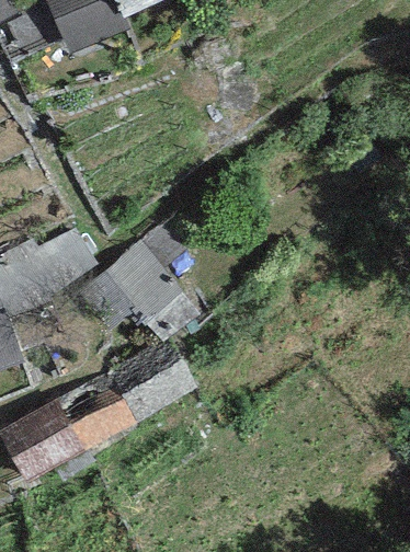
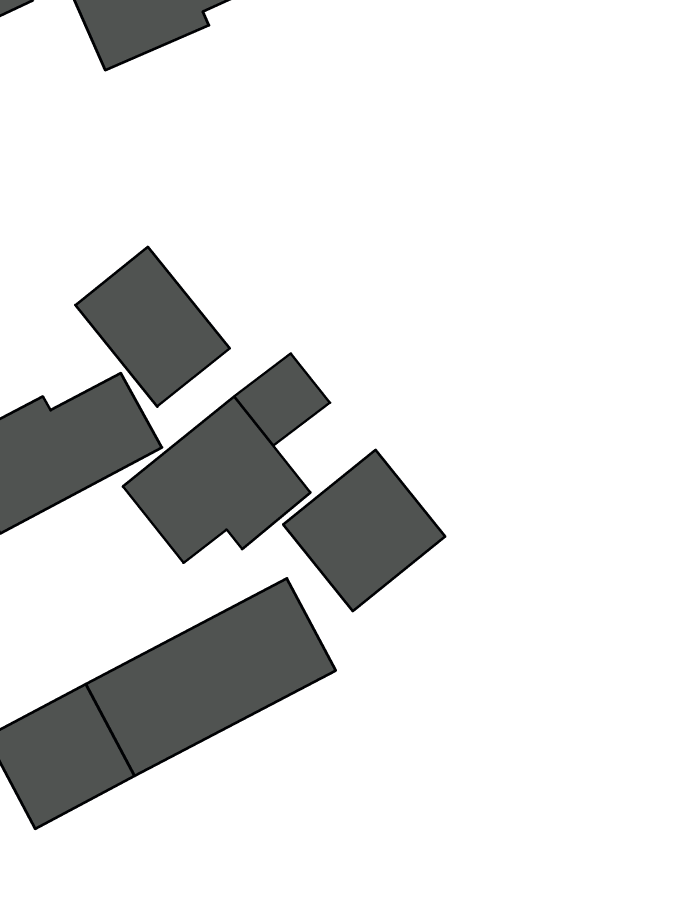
building: none -> [75,247,230,407]
building: none -> [283,450,445,611]

